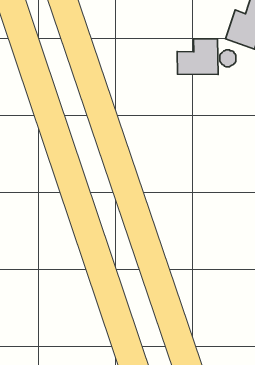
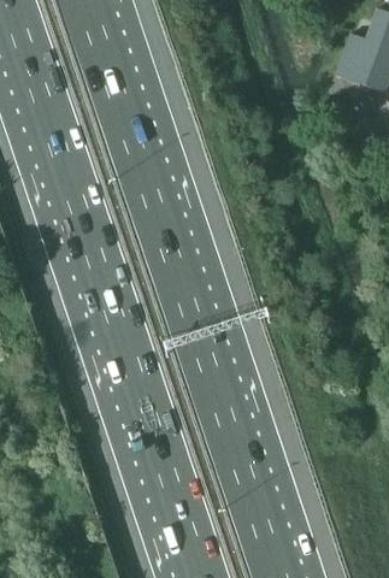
building: [177,39,218,74] -> none

